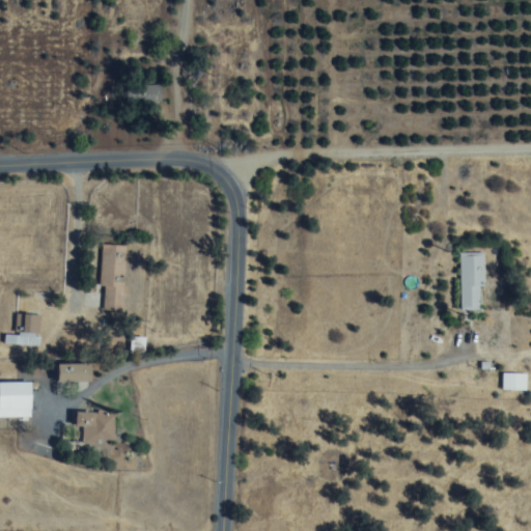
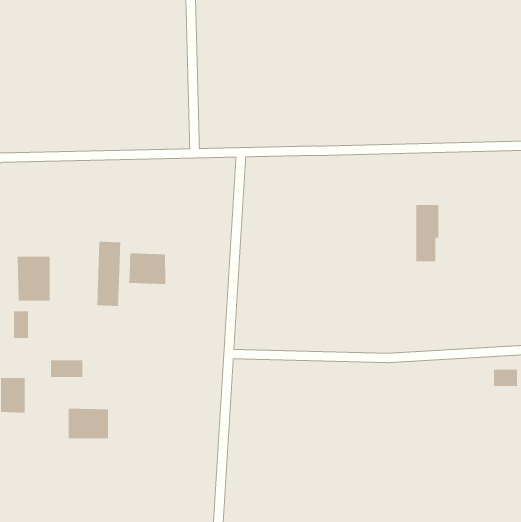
building: [460,252,484,310] -> [416,204,439,262]
building: none -> [129,253,166,285]
building: none -> [17,256,50,301]

